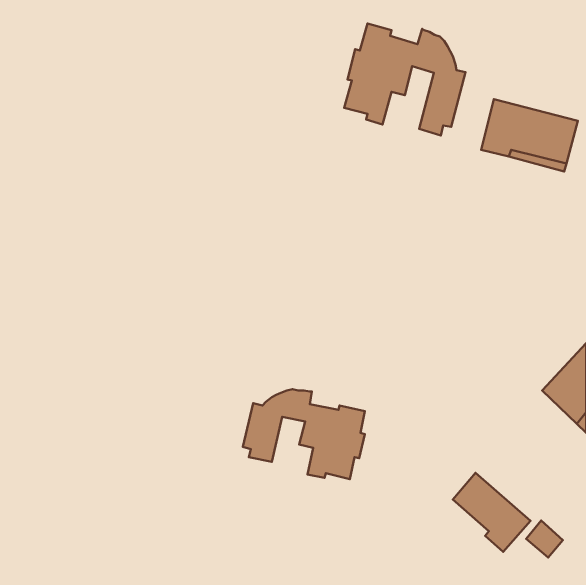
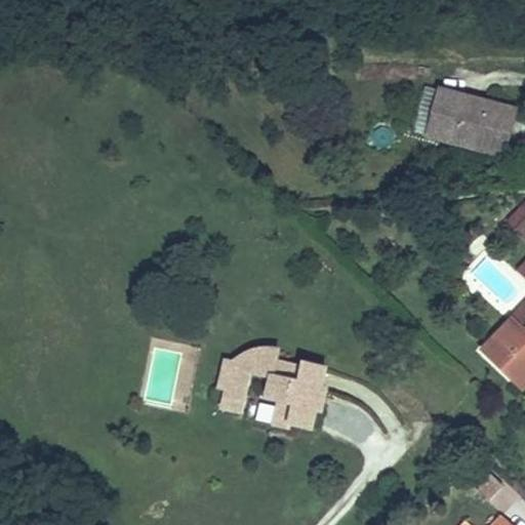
building: [344,23,465,136] -> none
building: [453,473,531,552] -> none

